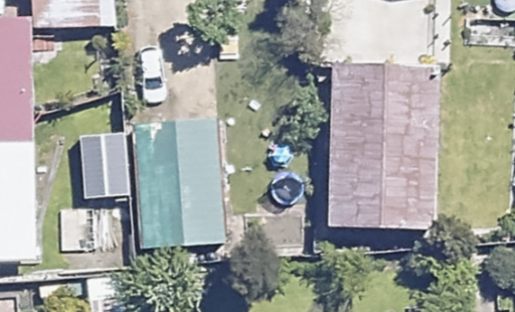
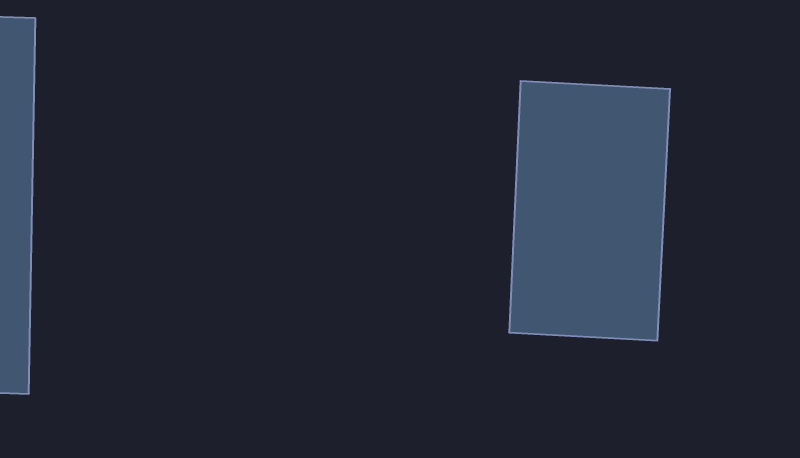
building: [134,118,223,244] -> none

